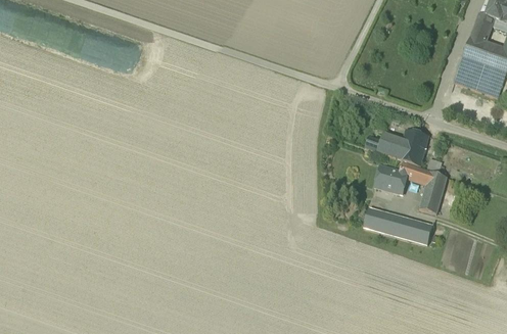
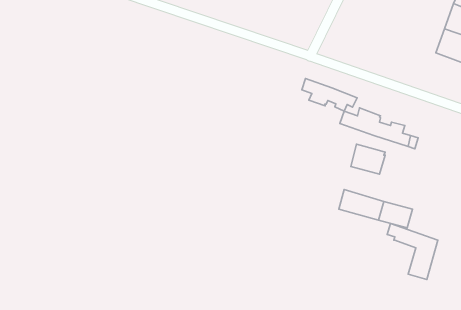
building: none -> [302,79,357,111]
building: [402,128,428,148] -> none
building: [400,160,447,212] -> [387,224,438,280]

